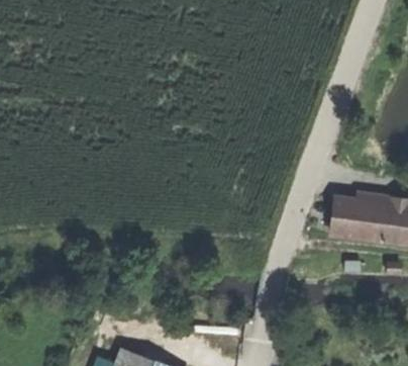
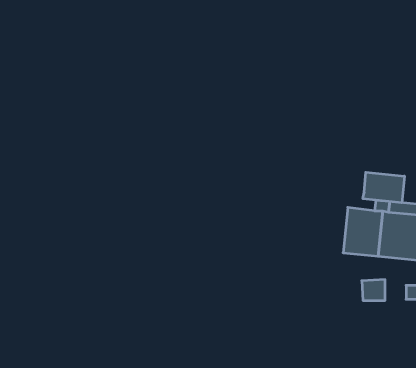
building: none -> [363,172,404,203]

